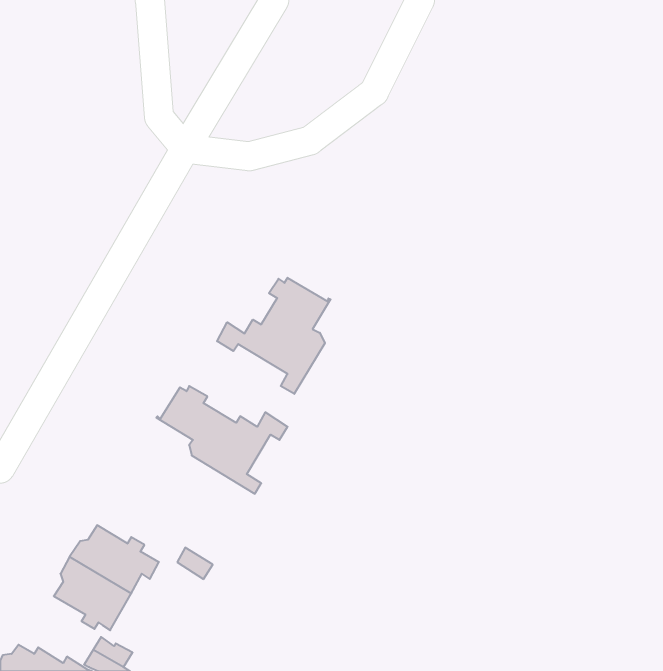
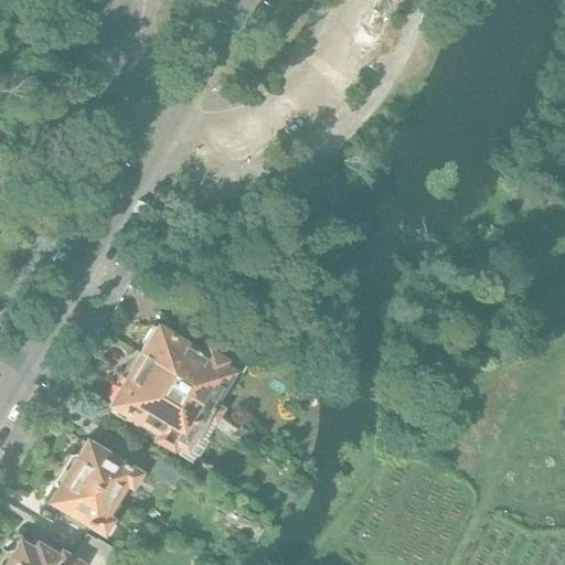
building: [217,278,331,394] -> none
building: none -> [110,351,221,463]

